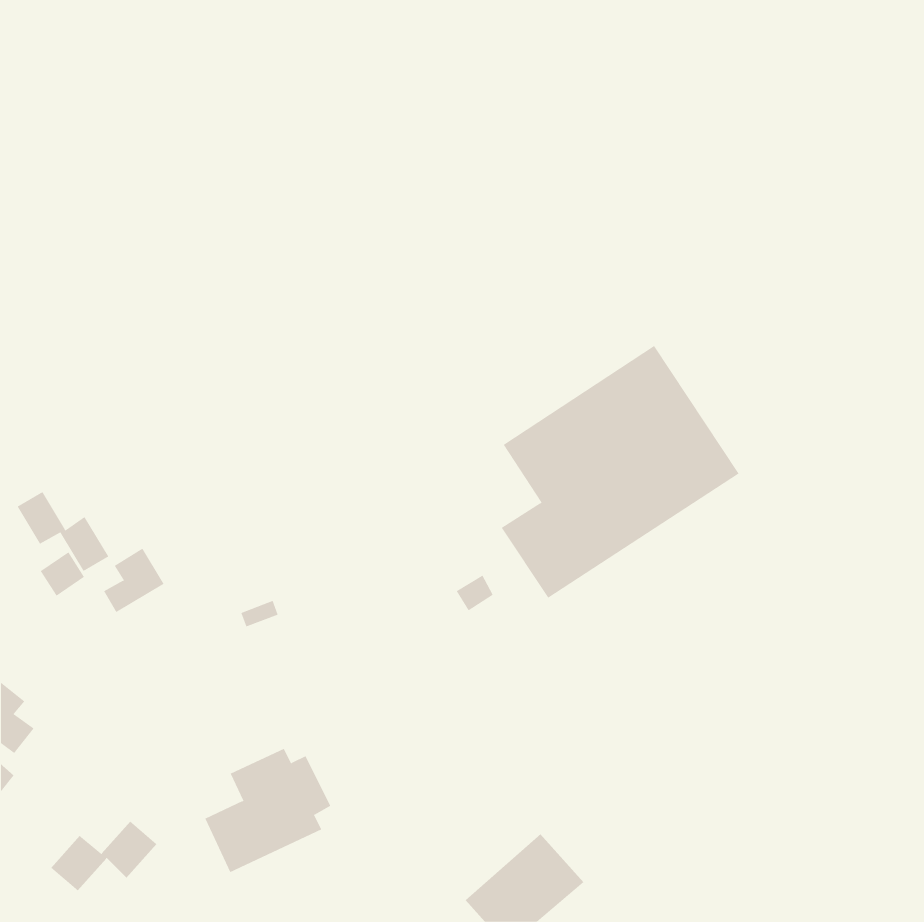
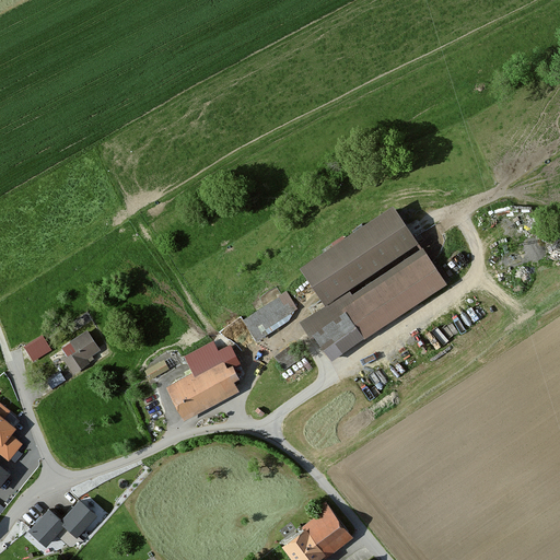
building: none -> [240,291,299,342]
building: [17,491,109,572] -> none
building: [205,748,331,873] -> [167,342,244,418]

